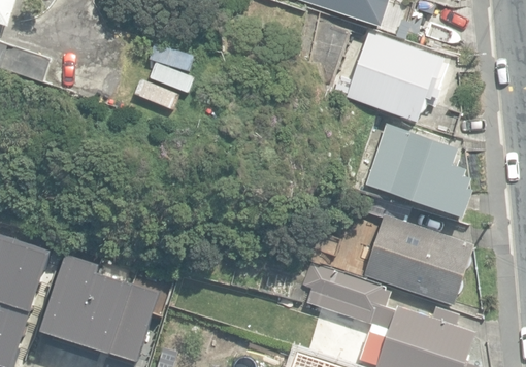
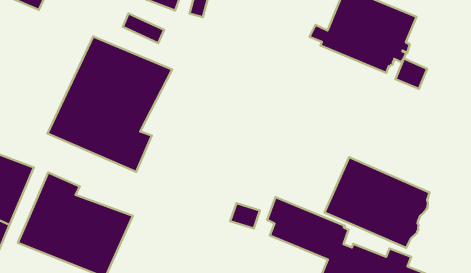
building: none -> [47,37,172,172]
building: [365,123,472,218] -> none

